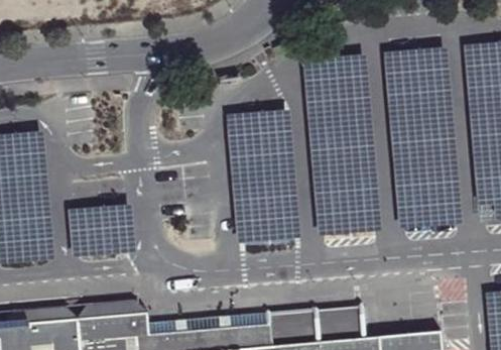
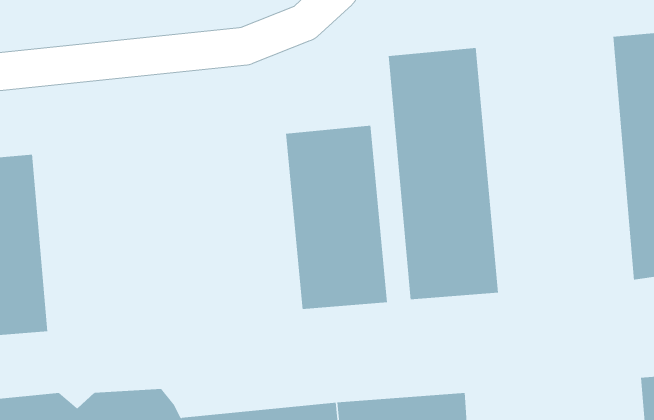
building: [385,48,462,231] -> none
building: [68,207,135,259] -> none

